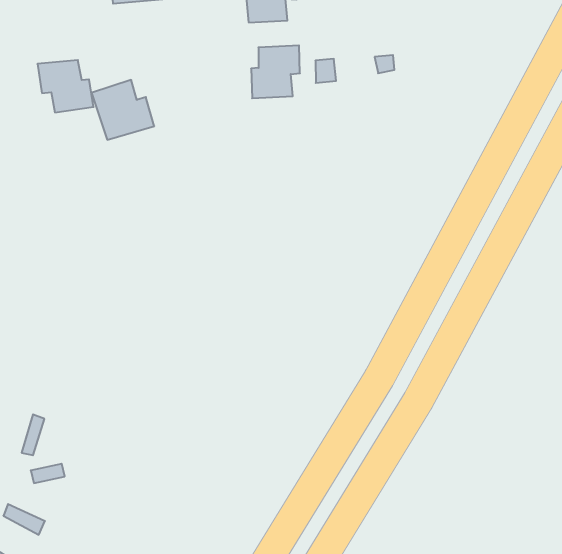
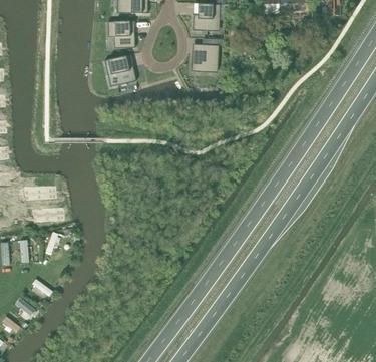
building: [37,60,94,112] -> [105,20,133,47]

